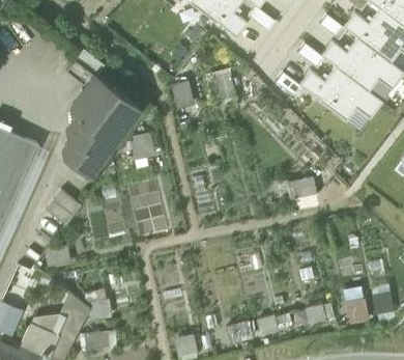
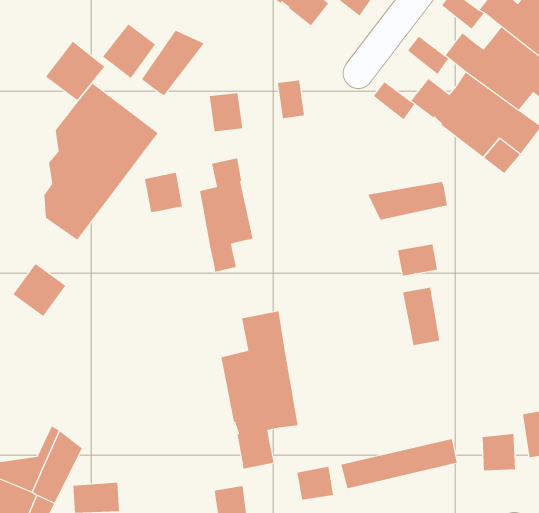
building: none -> [102,24,156,79]
building: none -> [141,30,205,96]
building: none -> [199,158,253,272]
building: none -> [367,181,448,220]
building: none -> [403,287,440,346]
building: none -> [221,310,298,470]

